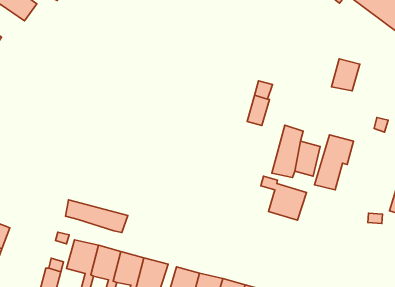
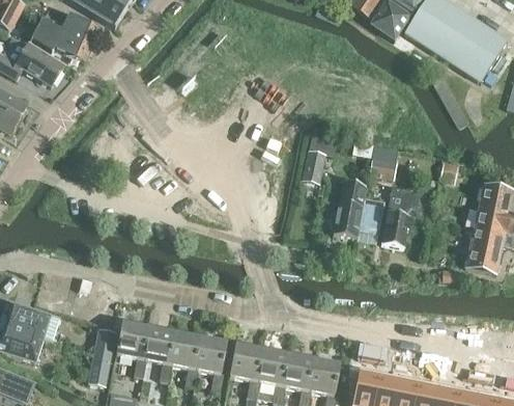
building: [332,59,360,91] -> [369,142,398,177]
building: [261,176,307,220] -> none
building: [66,200,128,233] -> none

